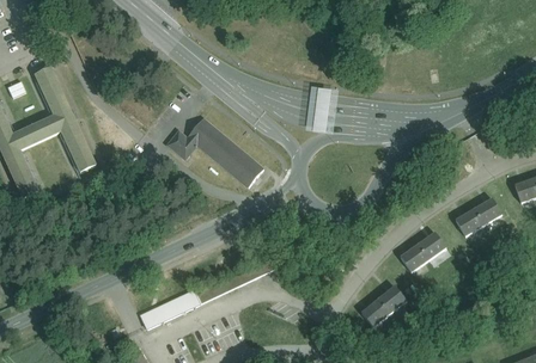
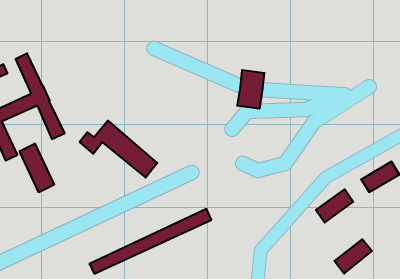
building: [168,117,262,186] -> [80,121,157,178]
building: none -> [20,143,54,192]
building: [360,285,406,327] -> [334,239,372,274]

